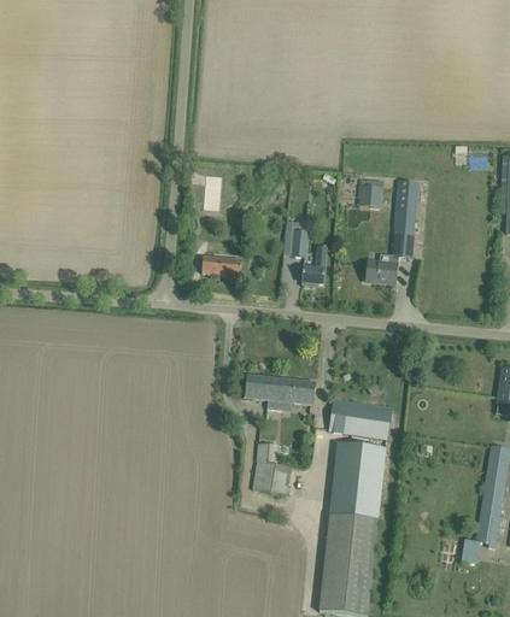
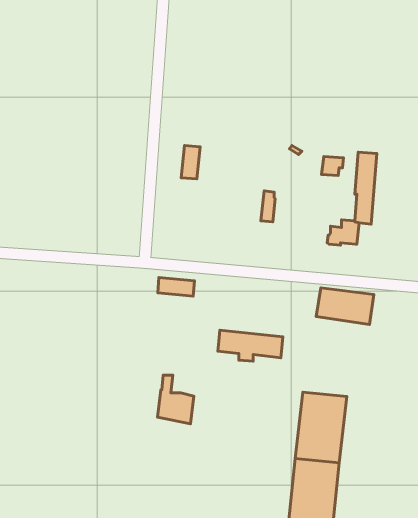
building: [301,246,326,286] -> none
building: [201,255,241,276] -> [158,277,194,296]
building: [329,399,392,439] -> [316,288,374,324]
building: [252,443,292,496] -> [157,375,194,424]

